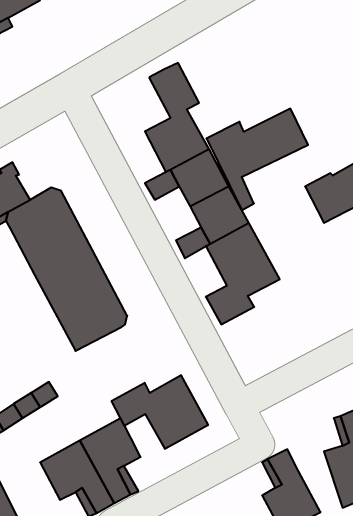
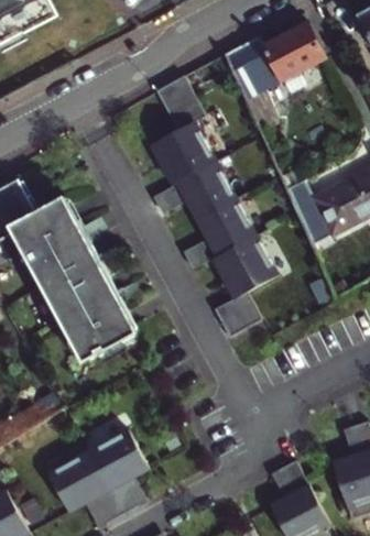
building: [206,109,308,210] -> [224,22,325,123]
building: [112,375,208,449] -> none

